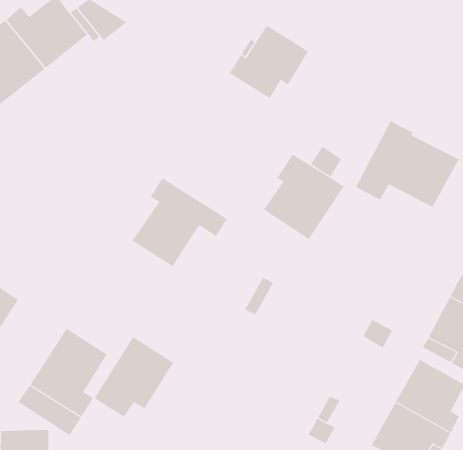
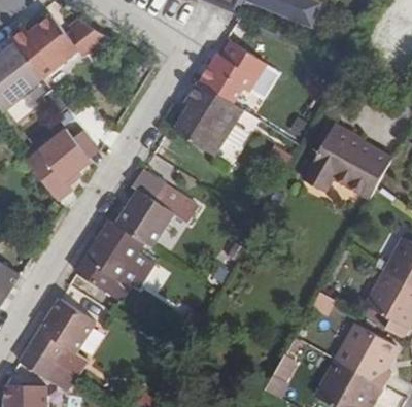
building: none -> [29,120,107,199]
building: [263,154,344,240] -> [173,82,242,156]
building: [94,336,174,417] -> [76,221,144,290]

